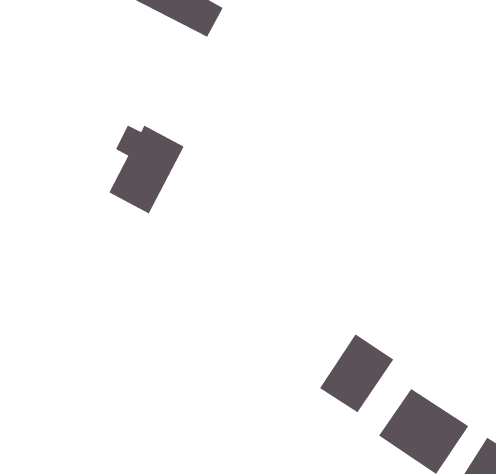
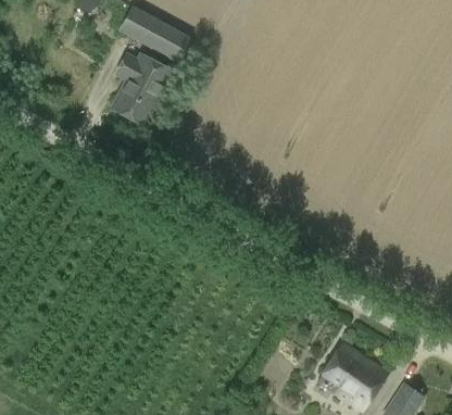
building: [108,125,184,214] -> [111,53,172,125]
building: [319,333,394,413] -> none

